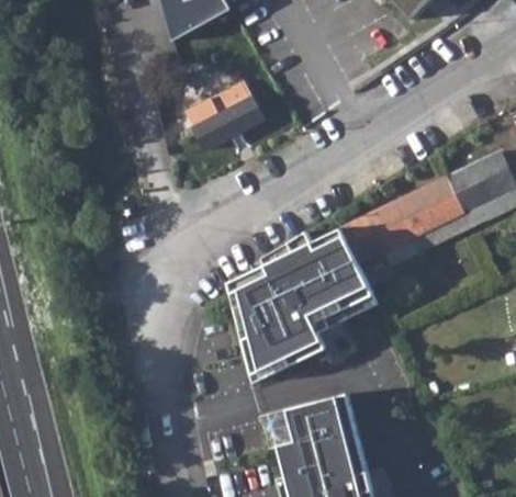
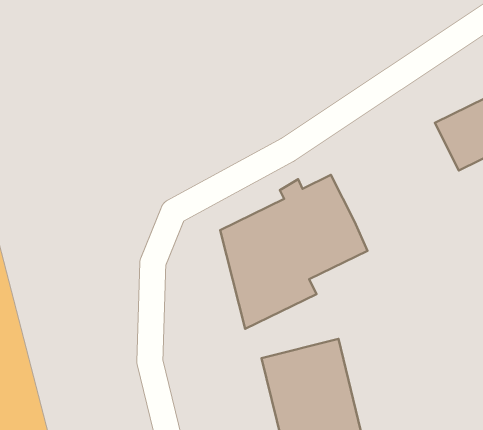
building: [182,81,261,149] -> none
building: [339,174,469,274] -> none

